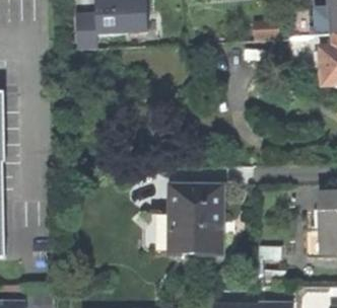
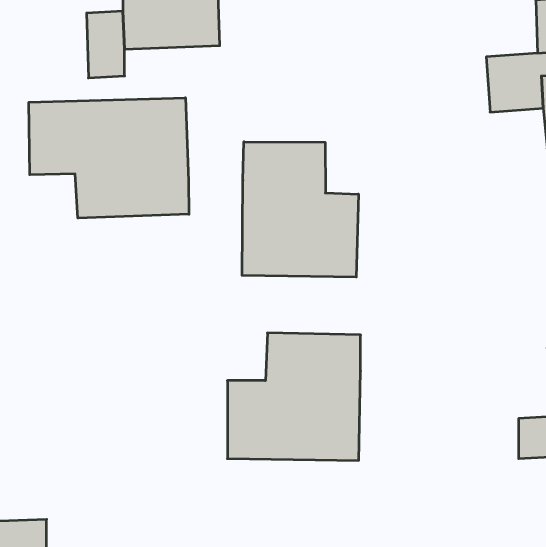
building: none -> [29,98,189,218]
building: none -> [242,142,358,277]

